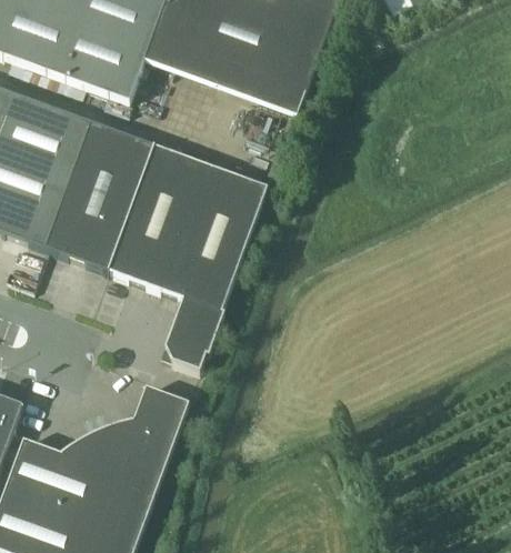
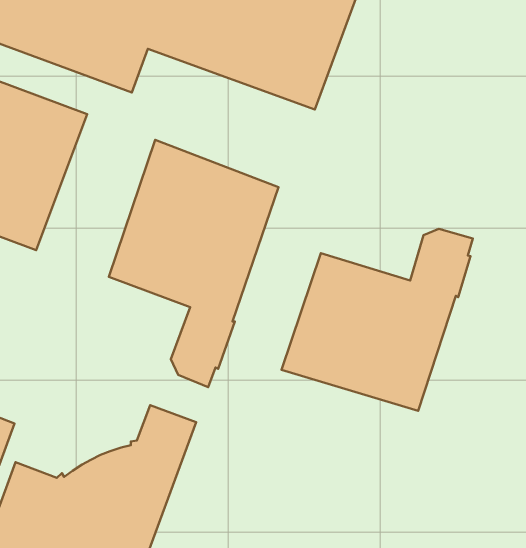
building: [41,119,150,268] -> none
building: none -> [282,229,473,411]

